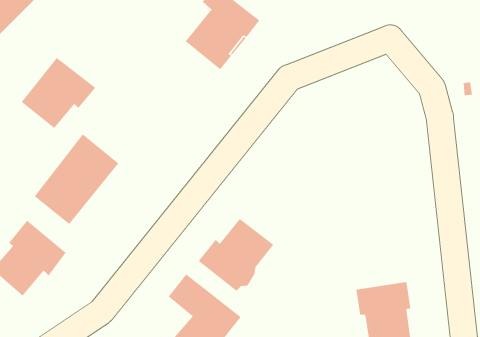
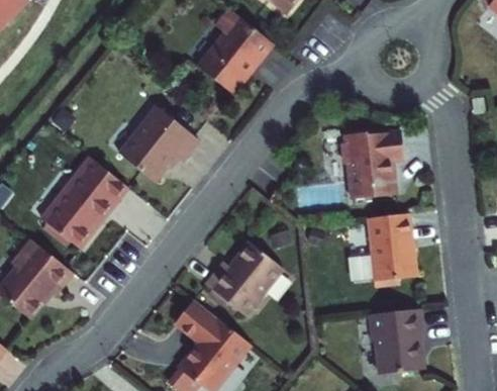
building: [21,57,96,129] -> [118,107,195,180]
building: none -> [339,129,402,196]
building: none -> [368,213,417,280]

